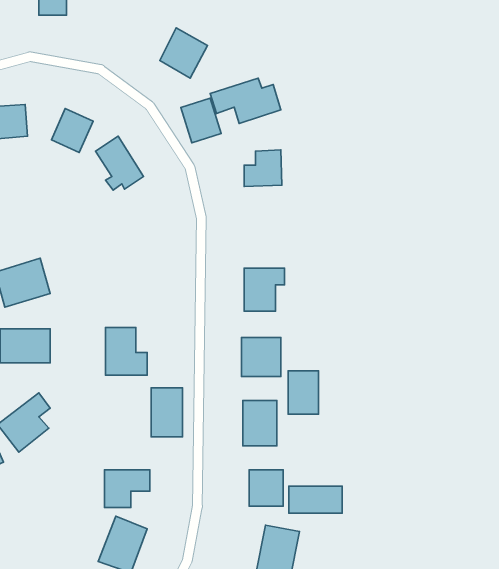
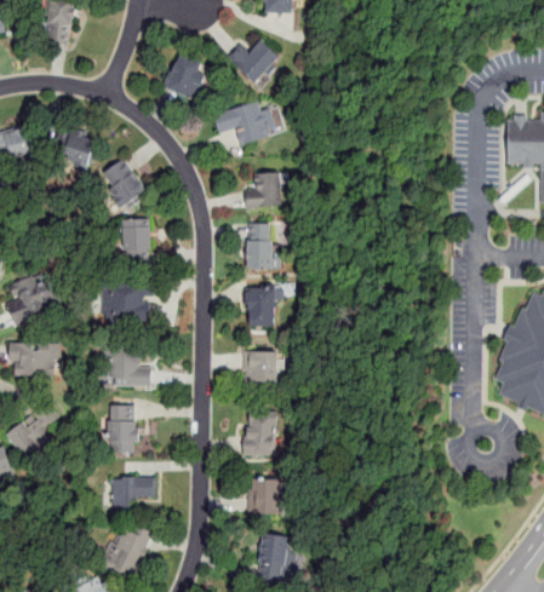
building: none -> [227,39,280,85]
building: [181,98,221,143] -> none
building: none -> [121,219,150,269]
building: none -> [245,223,275,268]
building: none -> [109,281,150,321]
building: [288,371,319,414] -> none
building: [151,388,183,437] -> [105,406,136,453]
building: [289,486,342,513] -> none

